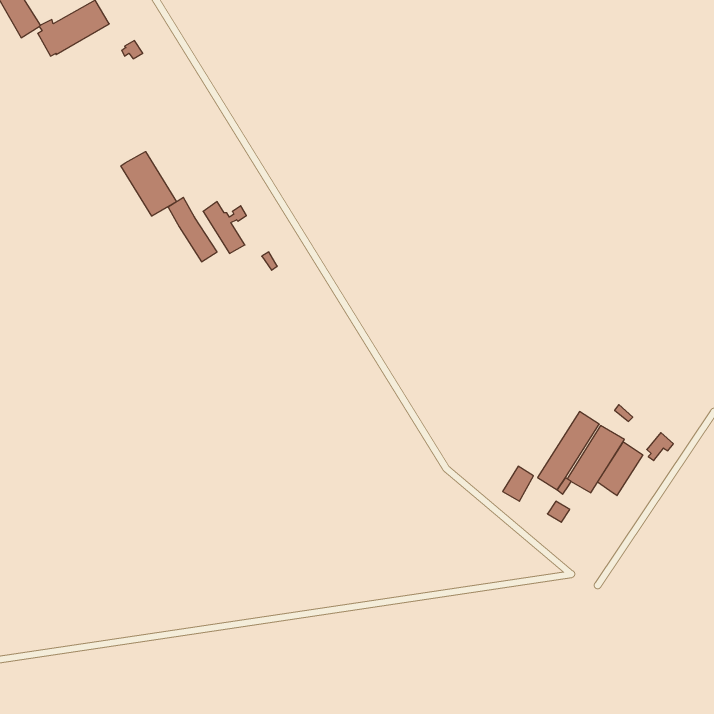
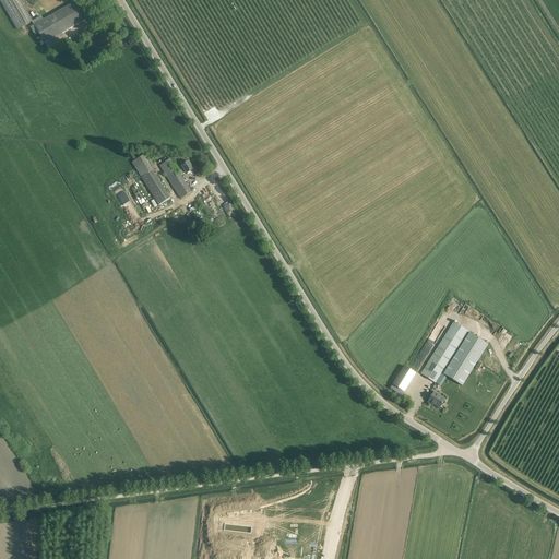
building: [121,152,177,216] -> none
building: [597,442,643,496] -> none

